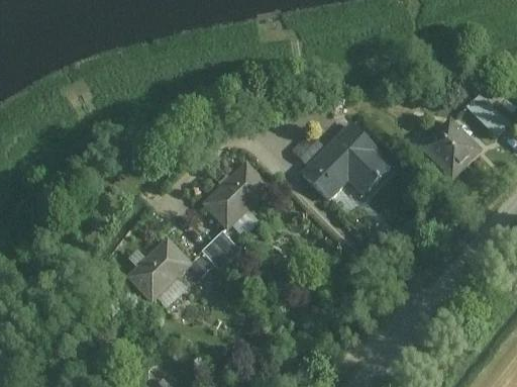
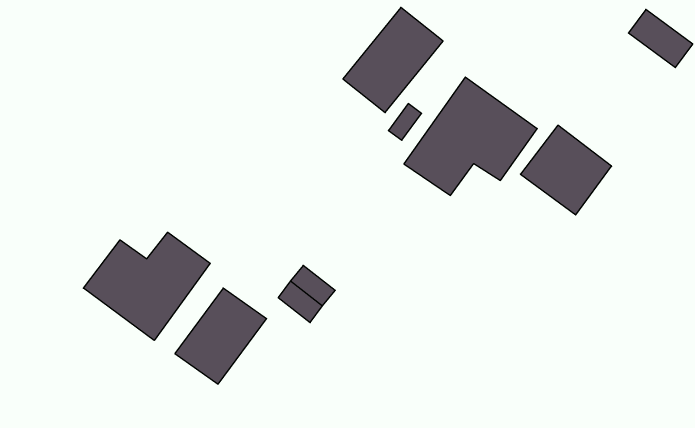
building: [421,117,484,180] -> [520,125,612,215]
building: [201,161,273,230] -> [343,7,443,113]
building: none -> [83,232,210,340]

